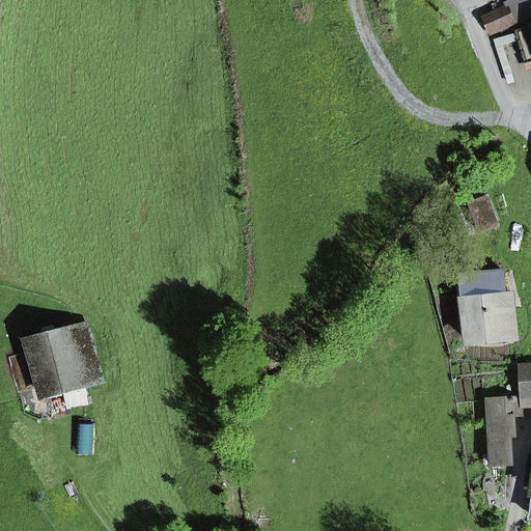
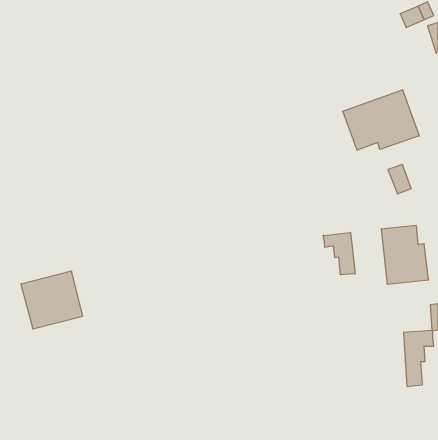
building: none -> [343,90,419,150]
building: none -> [323,232,355,275]

